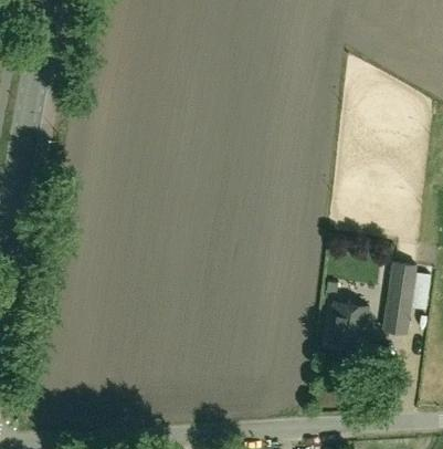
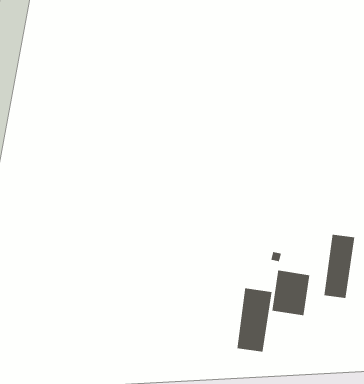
building: none -> [237,287,272,353]

